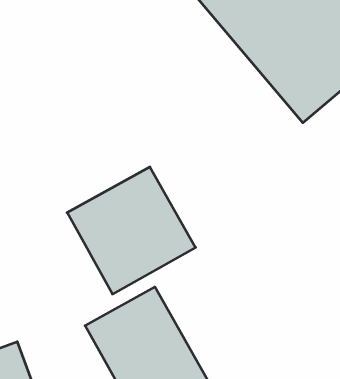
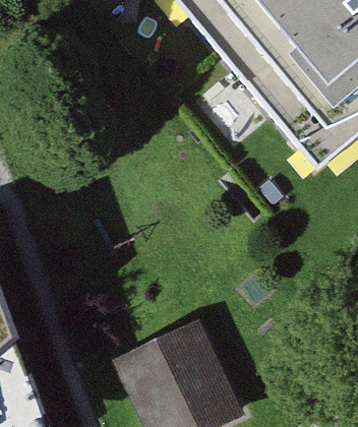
building: [67,167,196,294] -> none

